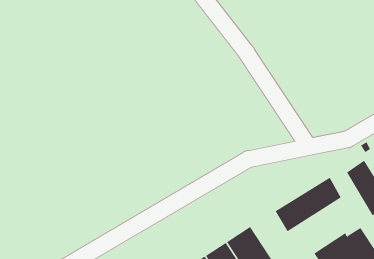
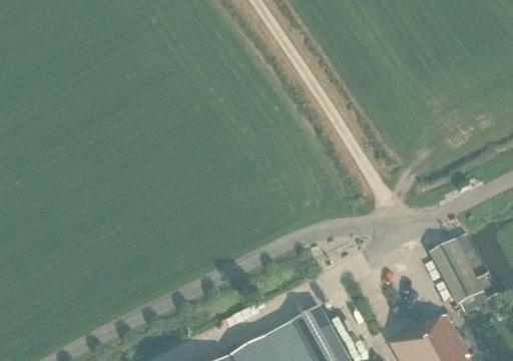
building: [275,177,342,232] -> none

